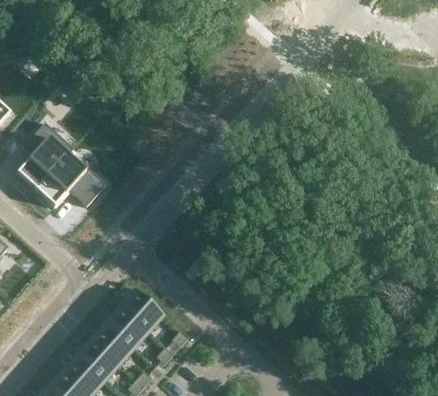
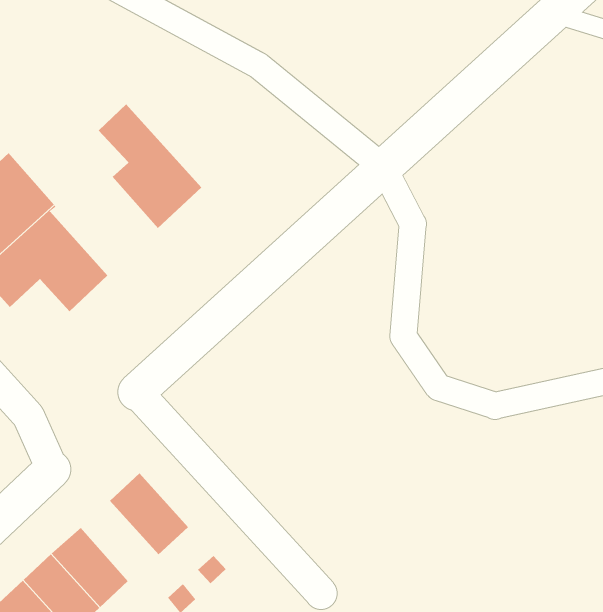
building: none -> [98,103,202,229]
building: [104,307,148,350] -> none

